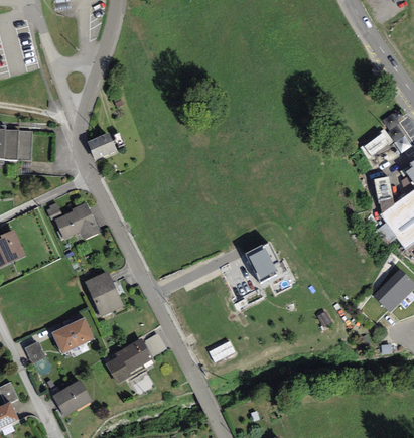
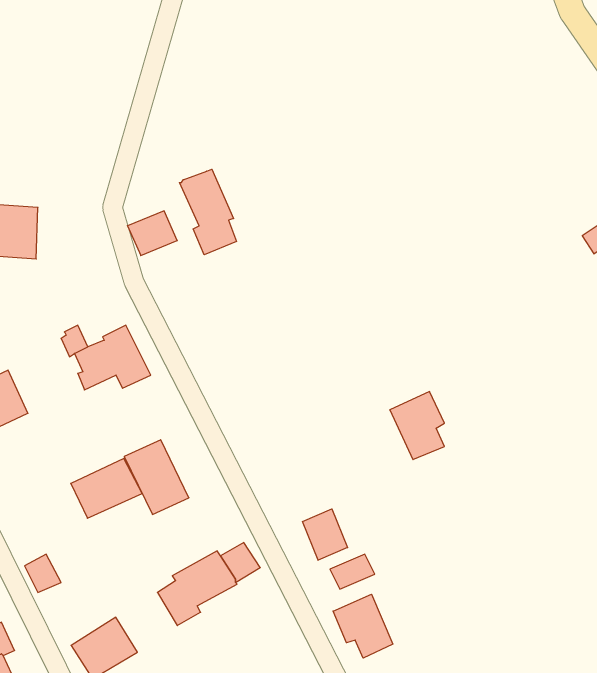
building: none -> [179,169,237,255]
building: none -> [302,509,348,560]
building: [50,317,94,353] -> [71,459,142,518]
building: none -> [333,594,393,658]

